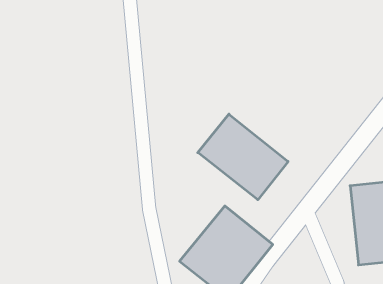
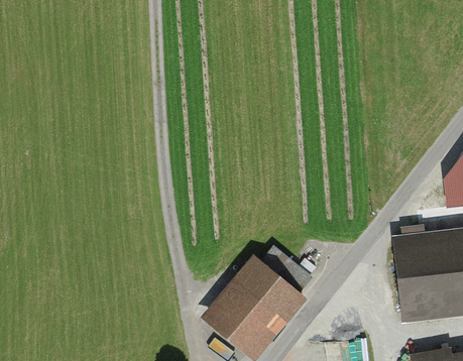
building: [198,114,288,200] -> none

